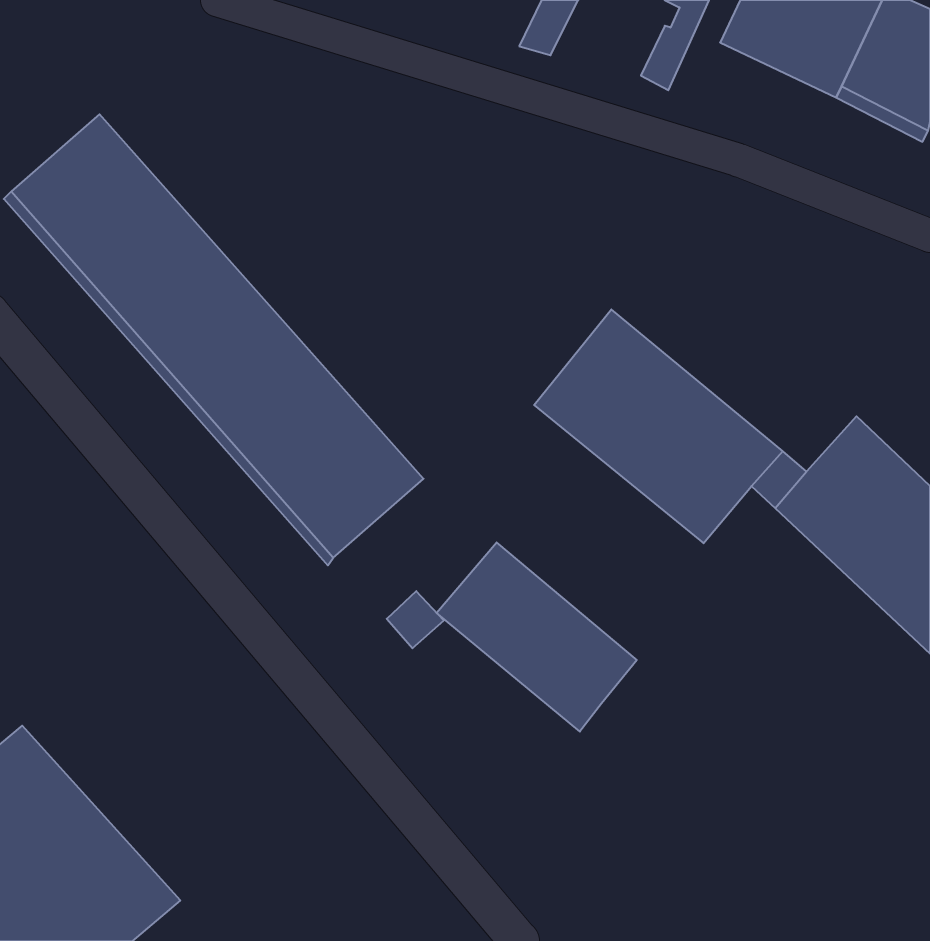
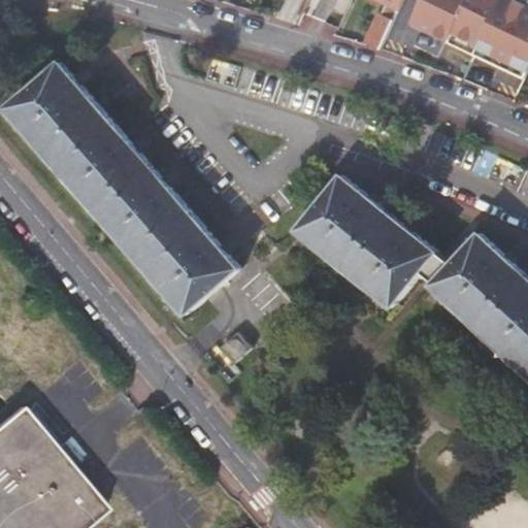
building: [437,542,637,732] -> none

